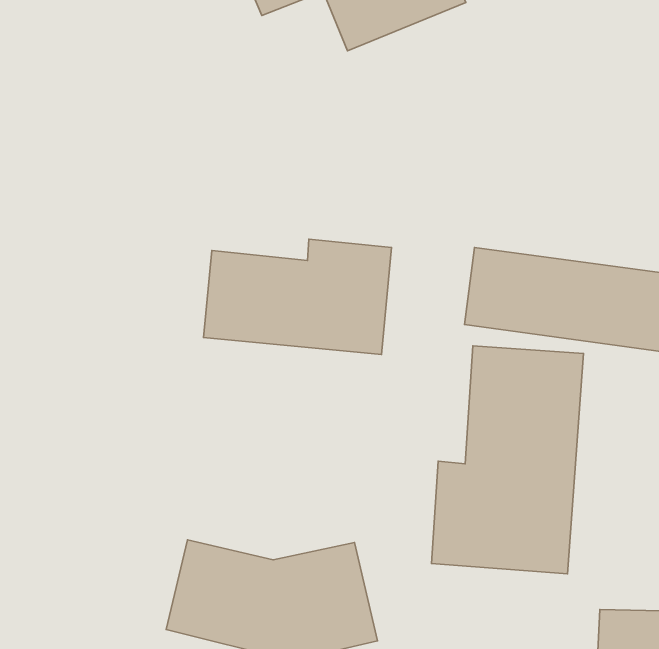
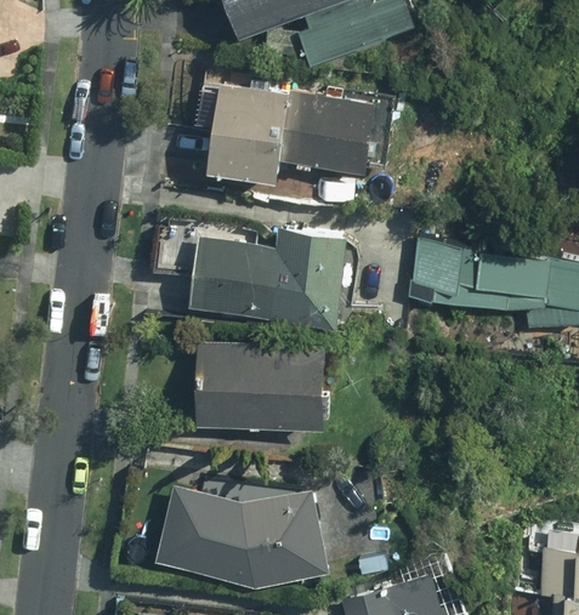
building: none -> [212,89,376,181]
building: [432,346,583,574] -> none
building: none -> [193,340,334,435]

